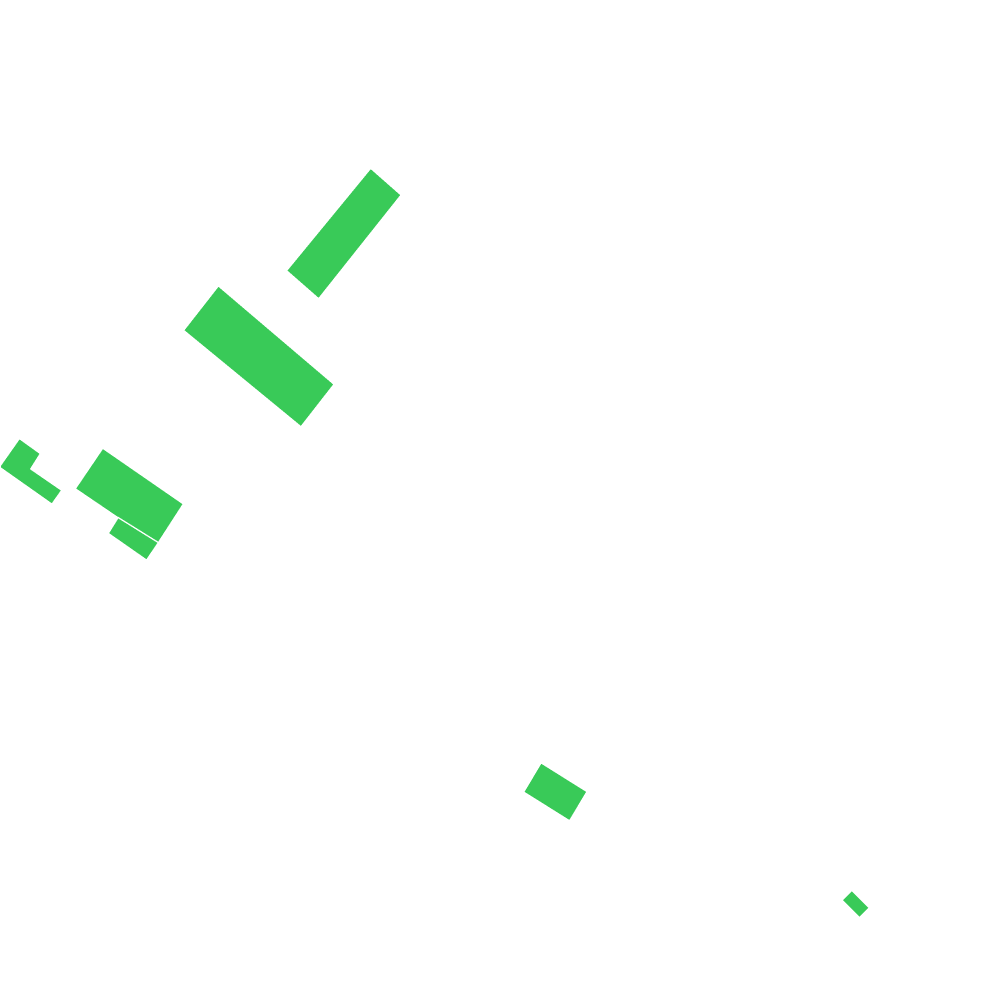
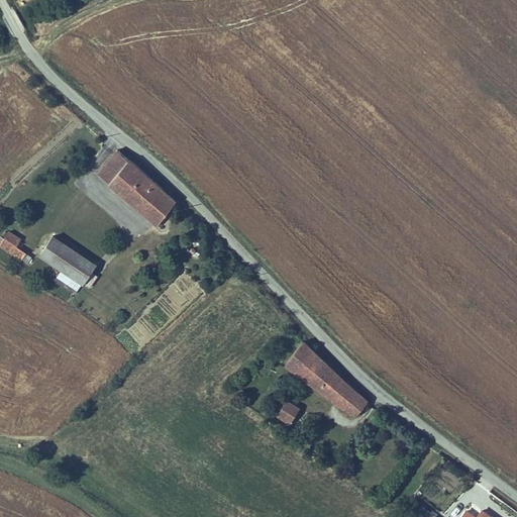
building: [286,168,401,299] -> none
building: none -> [283,340,370,421]

